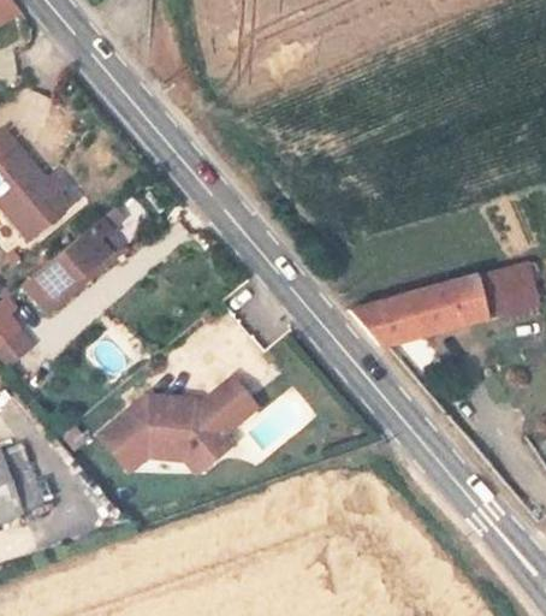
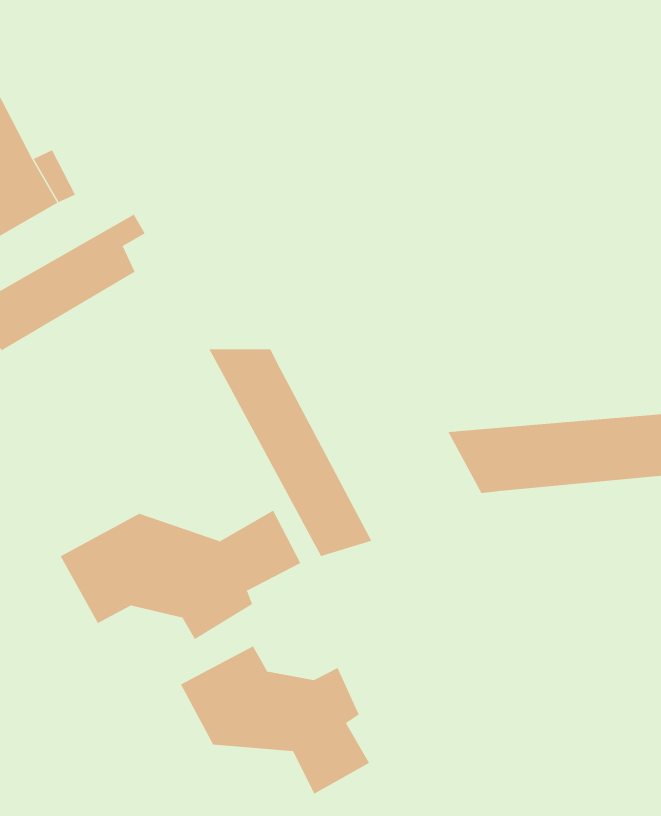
building: none -> [208,349,372,557]
building: none -> [180,645,370,795]

